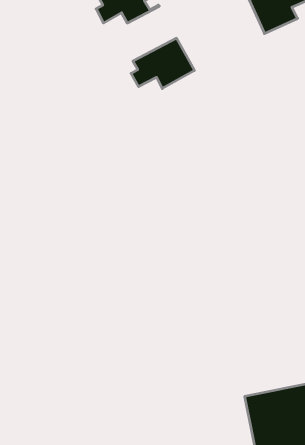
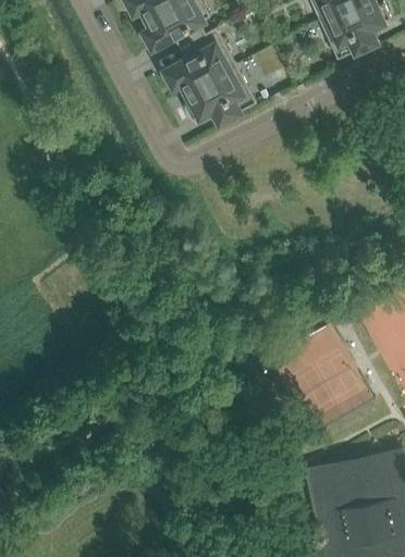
building: none -> [163,26,234,89]

